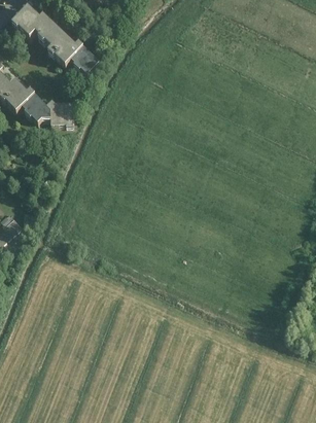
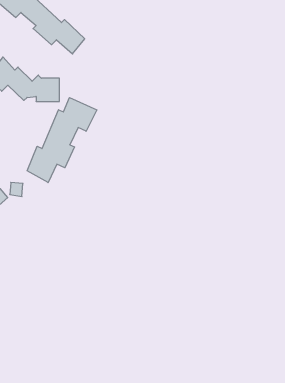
building: none -> [27,98,97,183]

